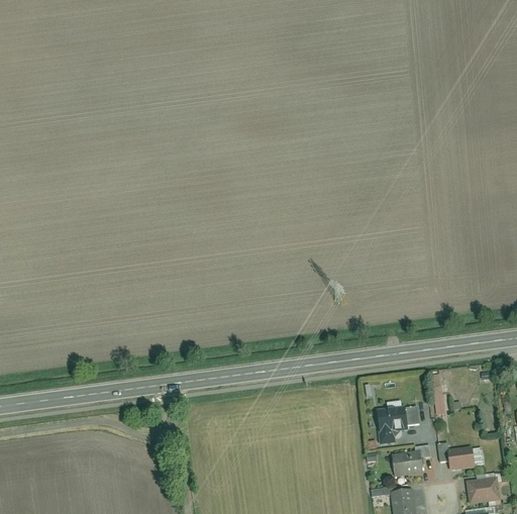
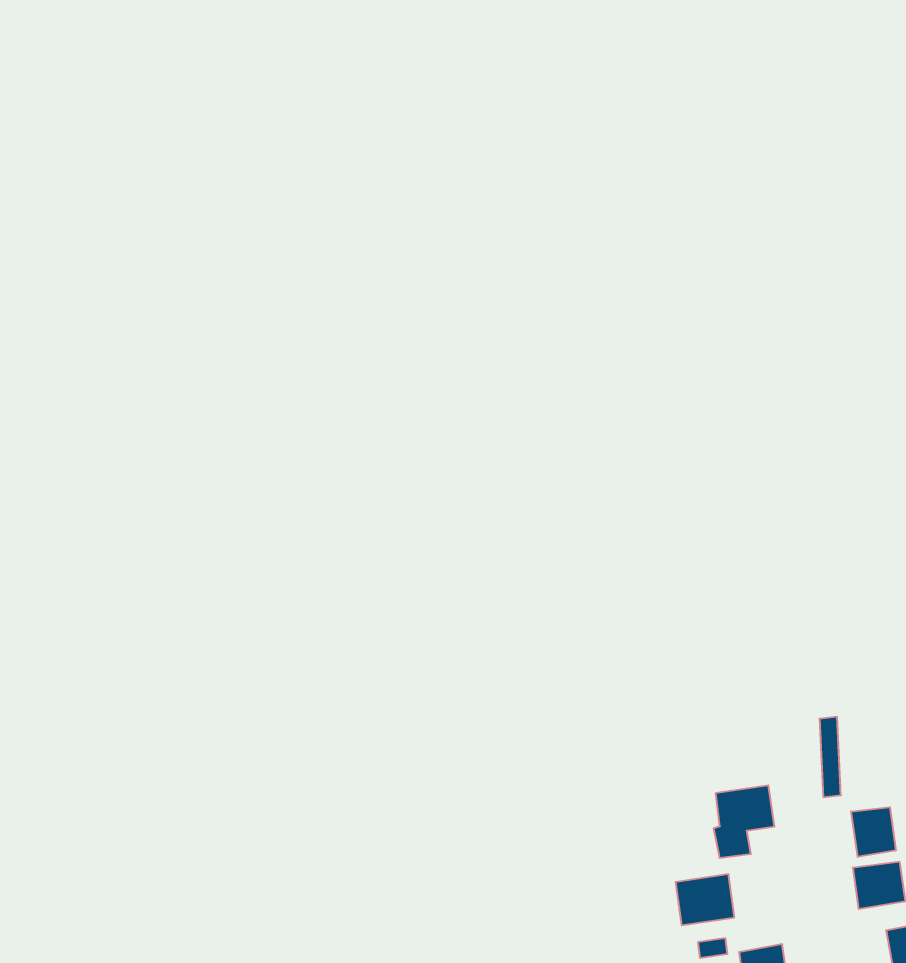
building: none -> [851,807,896,857]
building: [393,450,423,477] -> [676,874,734,925]

